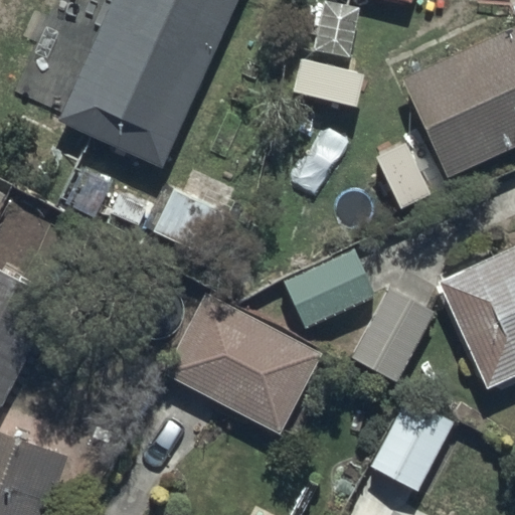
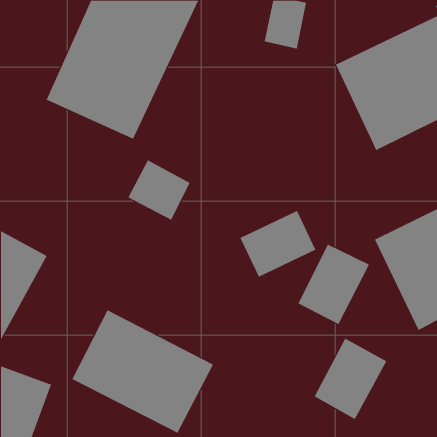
building: [155,288,321,433] -> [72,309,214,434]

